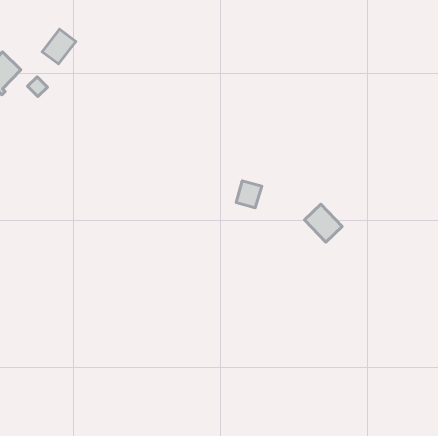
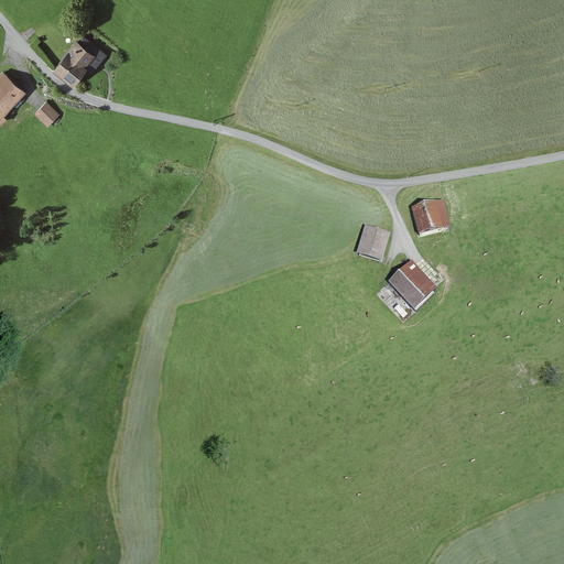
building: none -> [410,199,449,235]
building: [236,181,262,208] -> [356,226,389,260]

